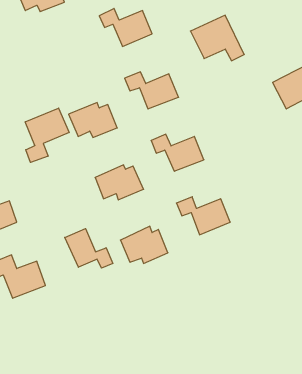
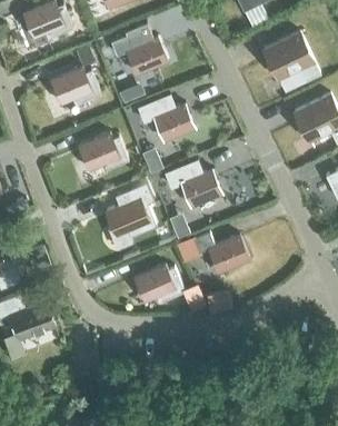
building: [190,15,244,61] -> [262,33,319,81]
building: none -> [51,68,101,106]
building: [25,108,69,162] -> none
building: [65,229,113,268] -> none

